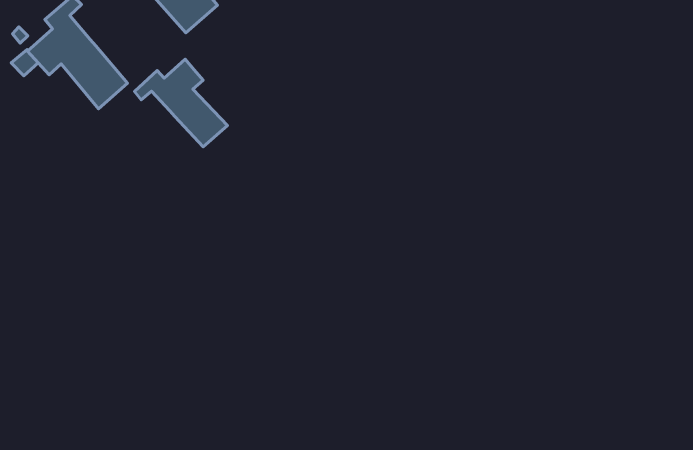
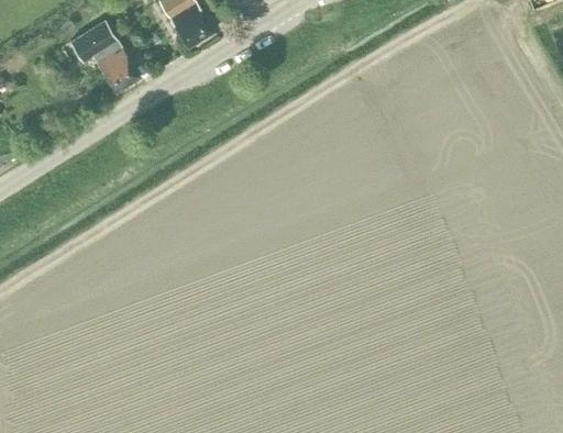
building: [134,59,228,147] -> none

